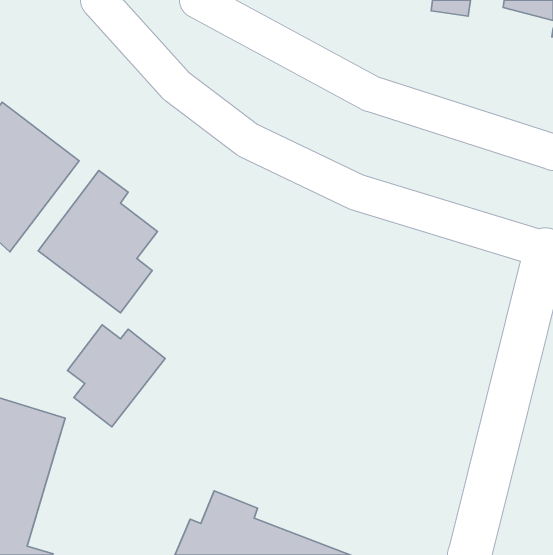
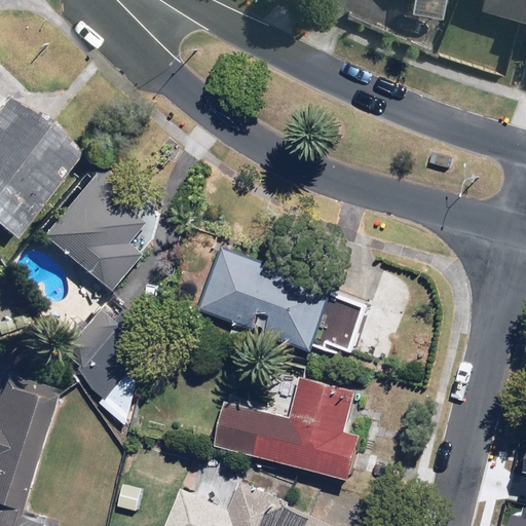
building: none -> [196,248,367,352]
building: none -> [217,377,361,481]

